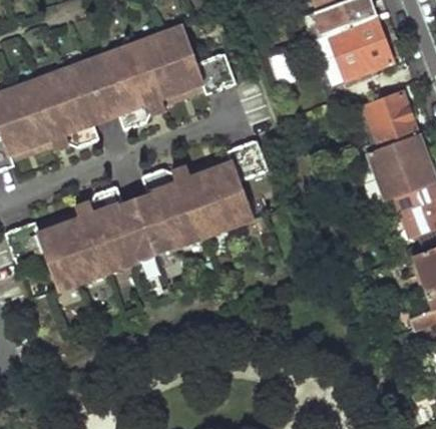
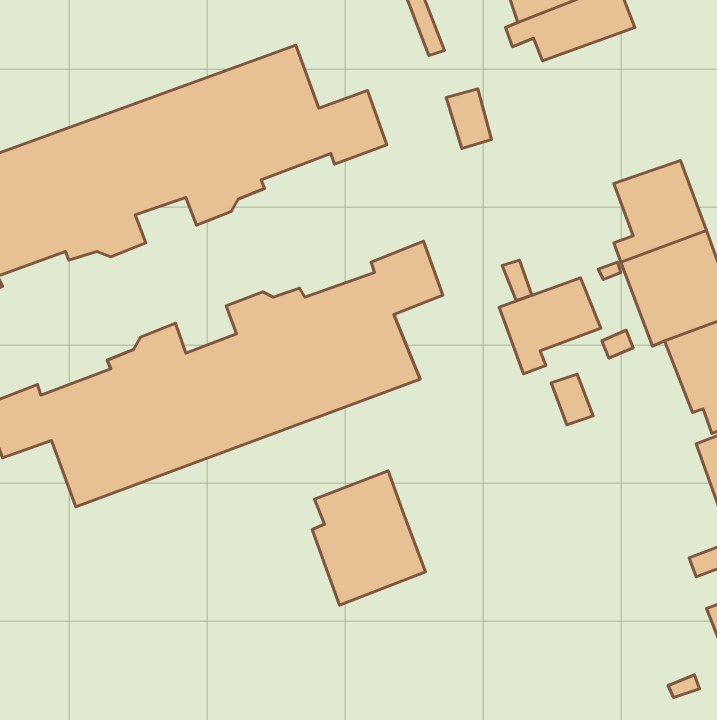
building: [316,16,395,85] -> none
building: none -> [499,278,601,374]
building: none -> [312,471,426,605]

